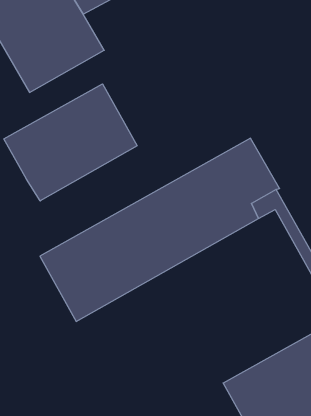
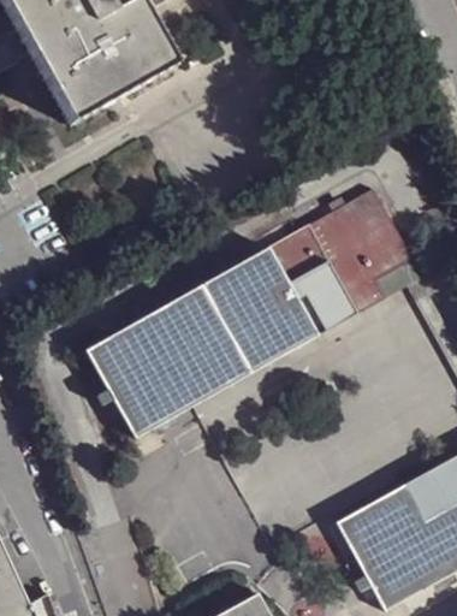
building: [4,84,137,201] -> none

